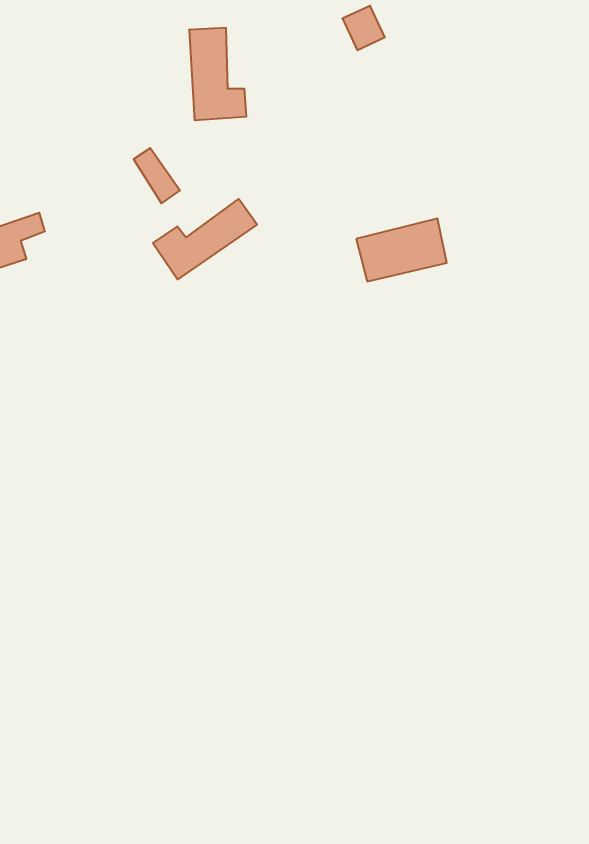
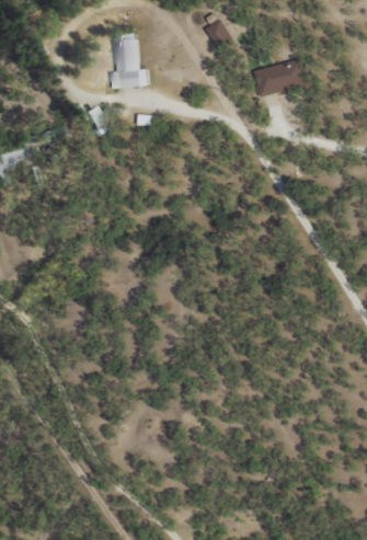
building: [153,199,257,280] -> none
building: [356,219,447,281] -> [254,59,308,96]

